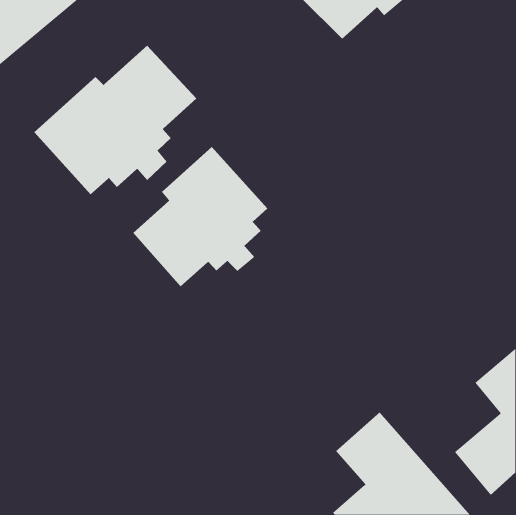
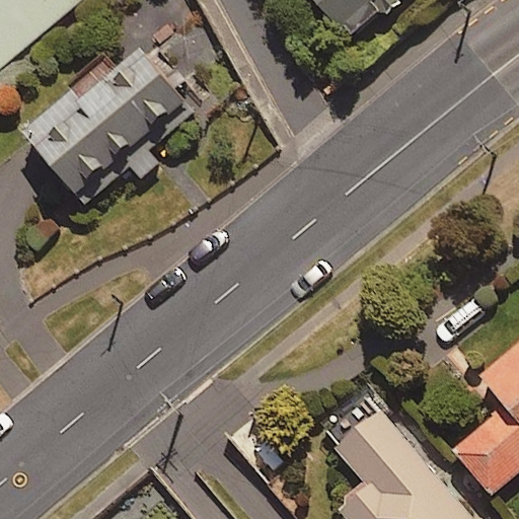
building: [132,146,268,287] -> none

